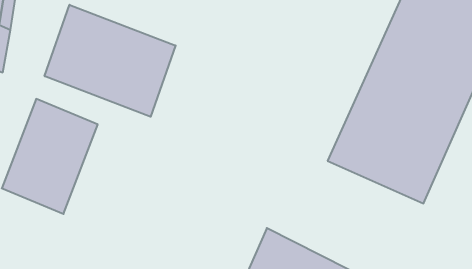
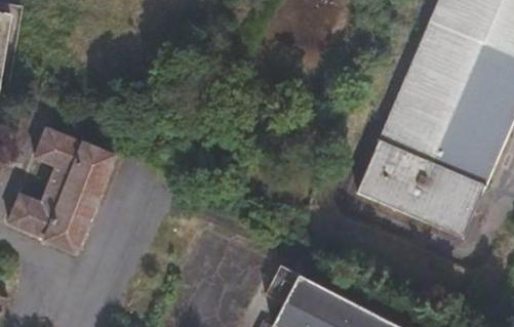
building: [45,5,176,117] -> none

